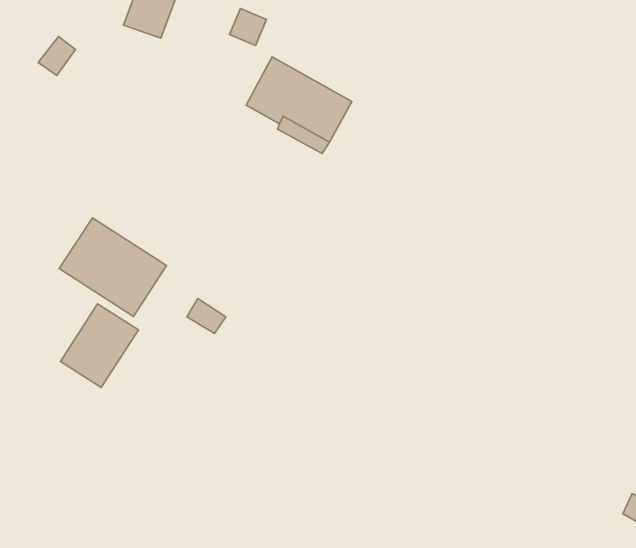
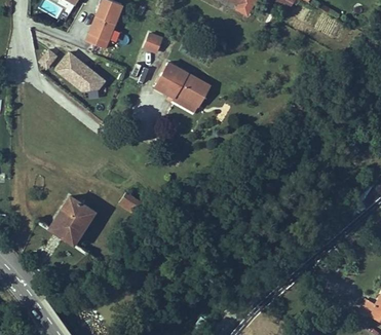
building: none -> [52,50,105,92]
building: [59,218,167,317] -> none

